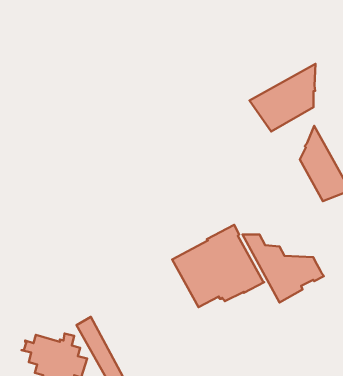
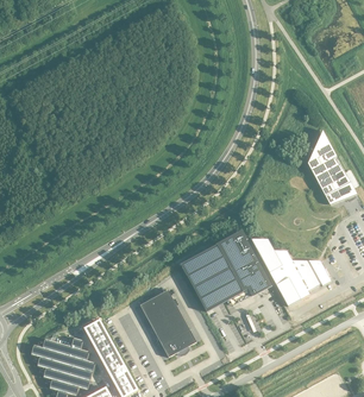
building: [249,64,316,131] -> none
building: none -> [139,289,195,357]

